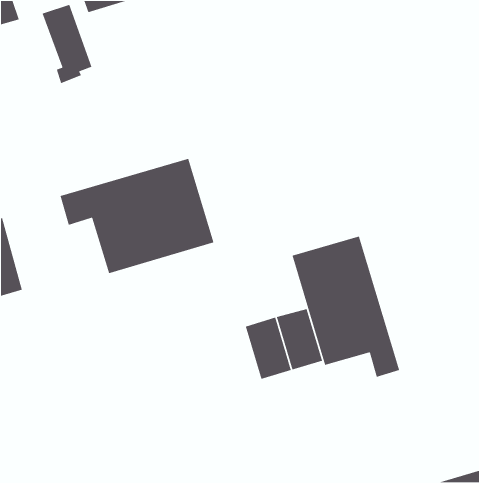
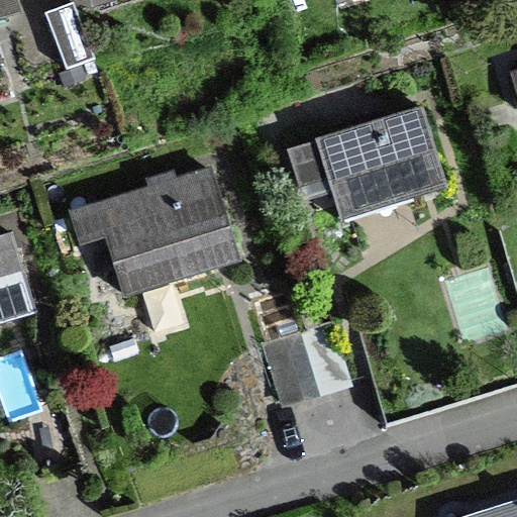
building: none -> [284,108,442,217]
building: [292,235,400,378] -> none

